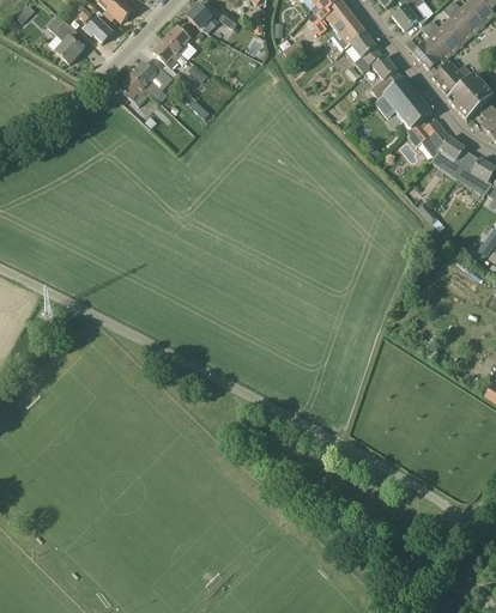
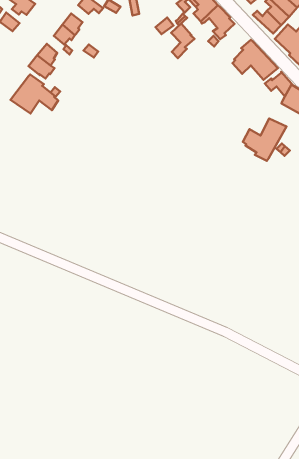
building: [370,55,400,98] -> [171,24,195,58]
building: none -> [11,75,58,113]
building: none -> [243,118,286,161]

